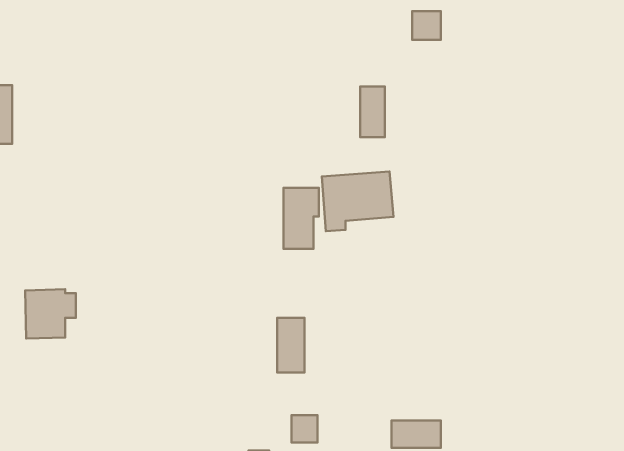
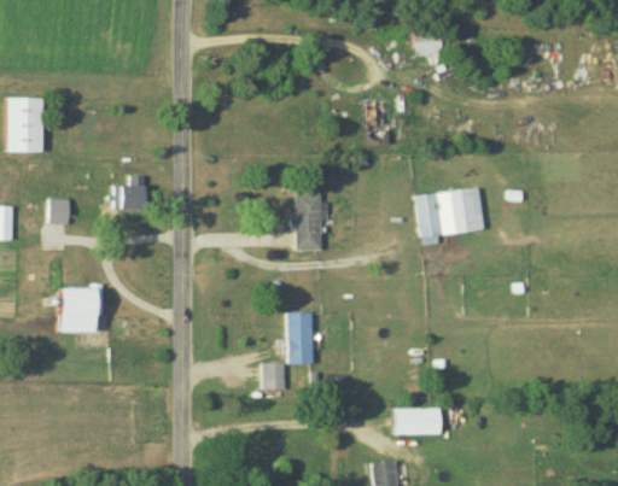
building: none -> [115,176,145,209]
building: [322,171,393,231] -> [419,189,485,245]
building: none -> [48,199,71,223]
building: [292,415,318,442] -> [263,364,287,390]

